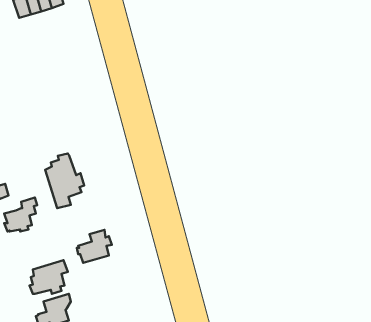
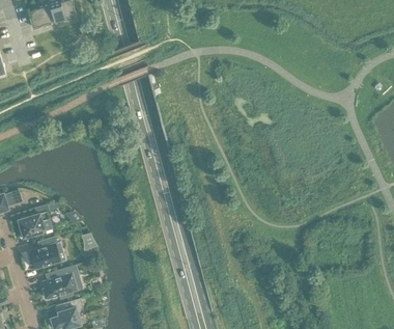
building: [45,153,84,208] -> none
building: [77,230,112,263] -> [28,237,62,269]

